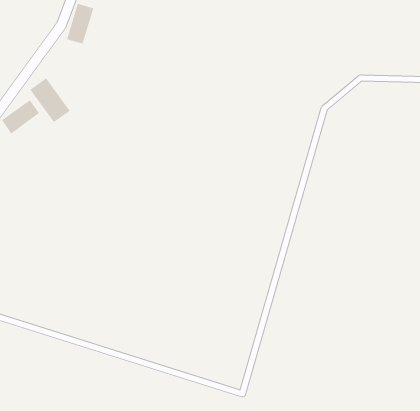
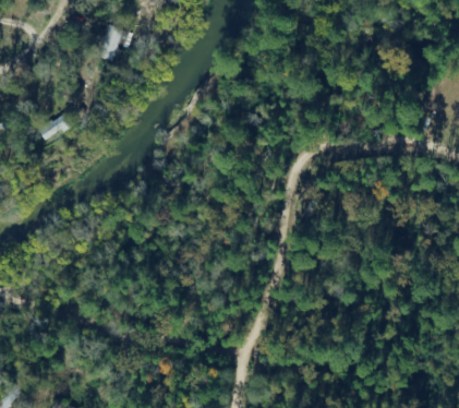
building: [29,78,71,123] -> none

